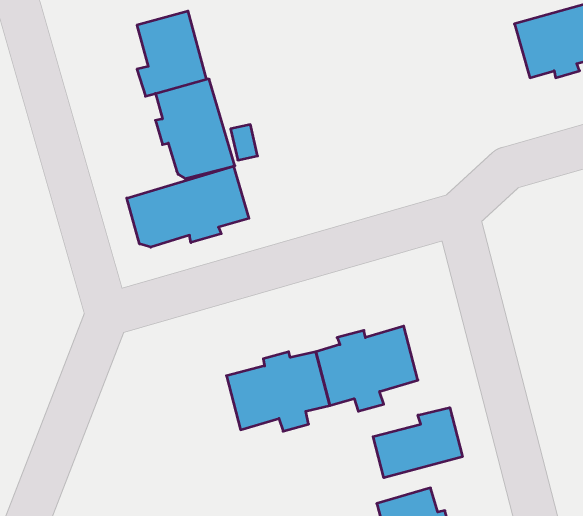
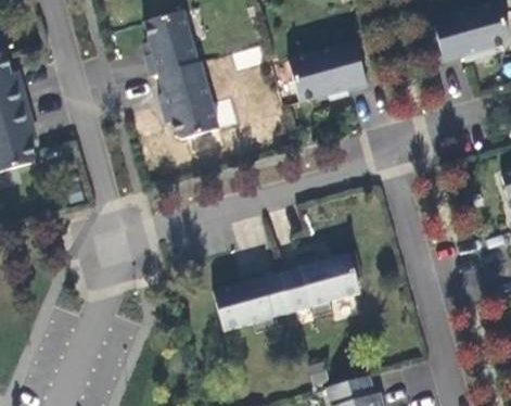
building: none -> [289,41,367,102]
building: [127,166,249,247] -> none
building: [373,408,462,478] -> none

